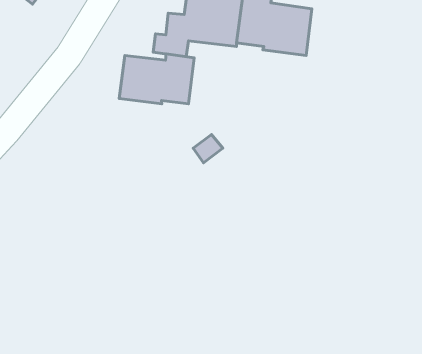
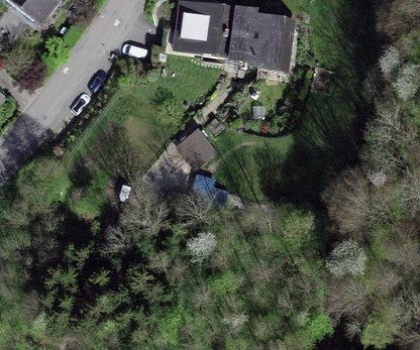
building: [119,54,194,104] -> none

